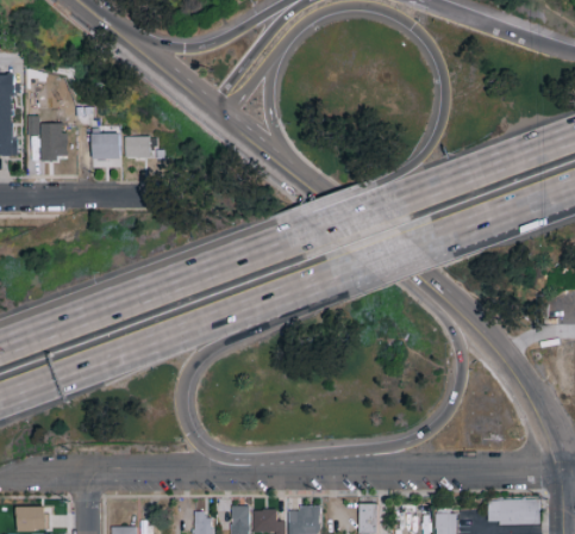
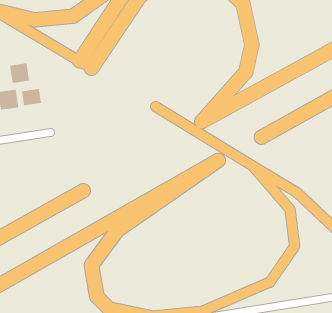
building: none -> [10,63,30,84]

